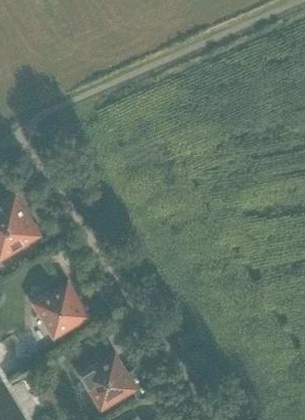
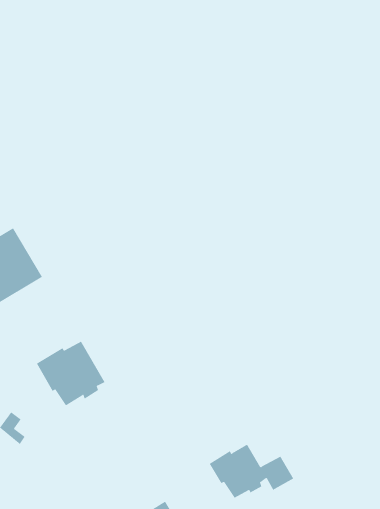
building: [82,361,148,404] -> [209,444,294,499]

